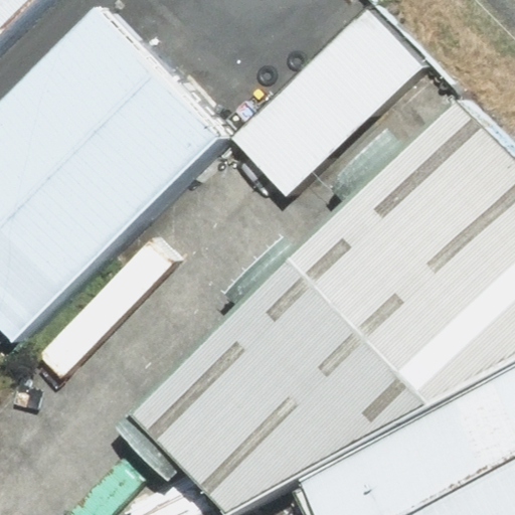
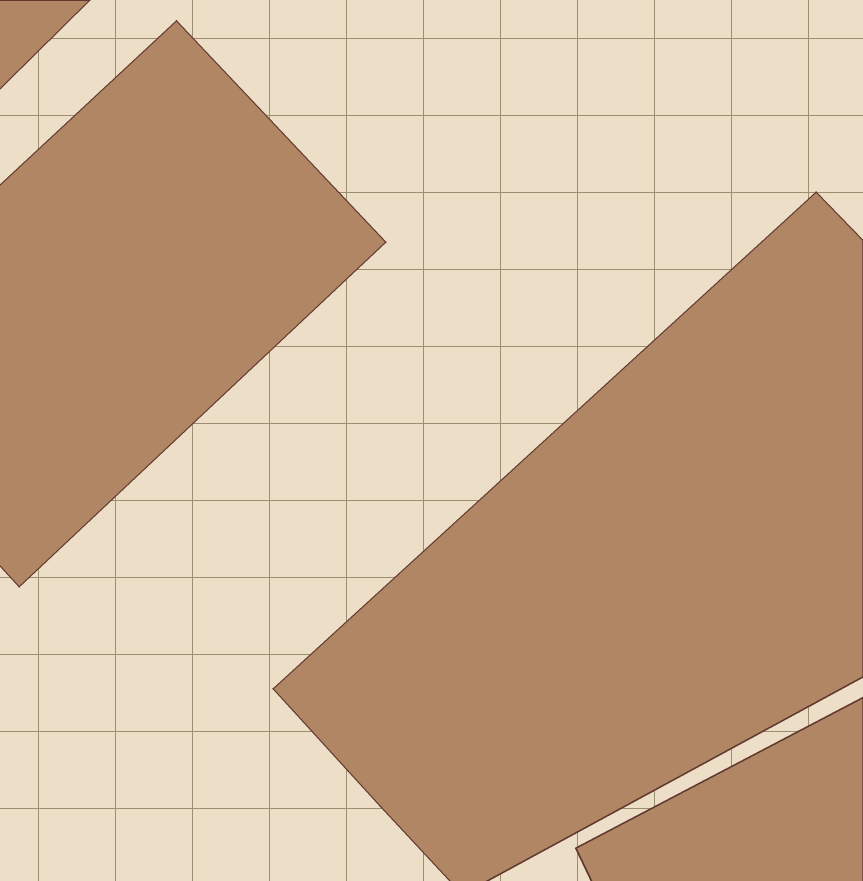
building: [229,9,420,195] -> none

